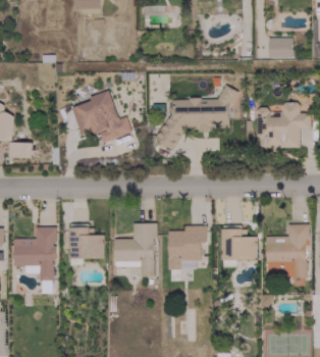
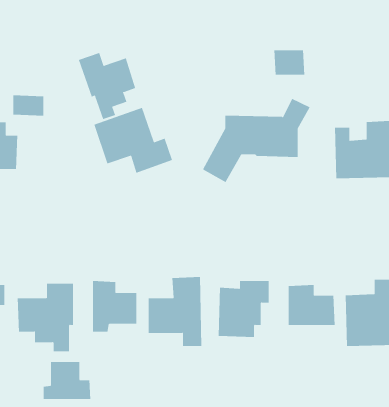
building: [269,38,294,57] -> [273,50,305,75]
building: none -> [78,52,136,120]
building: [9,142,34,158] -> [13,95,44,116]
building: none -> [43,361,91,400]

